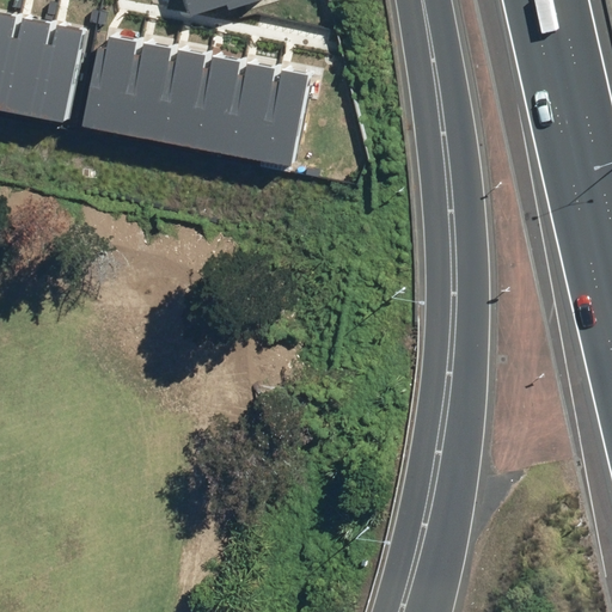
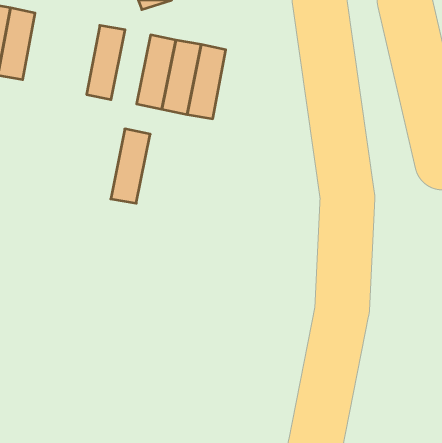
building: [31,23,82,121] -> none
building: [84,32,136,134] -> none
building: [152,45,206,147] -> [111,129,150,203]

